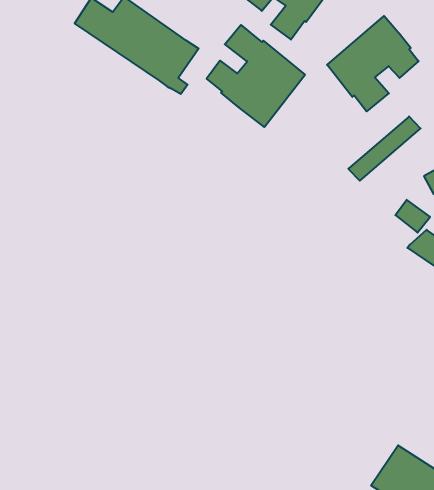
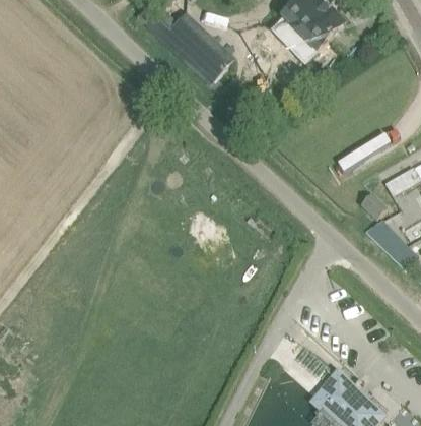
building: [327,16,419,111] -> none
building: [207,25,305,127] -> none

